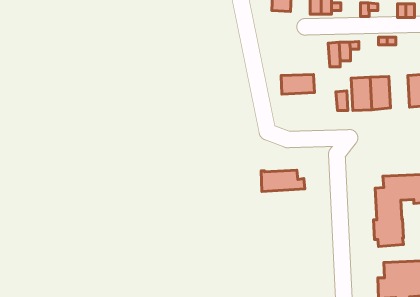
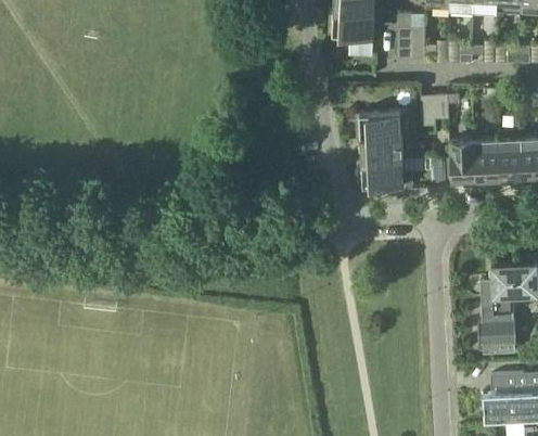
building: none -> [356,112,414,139]
building: none -> [498,138,524,179]
building: [261,170,305,191] -> [358,159,413,187]

